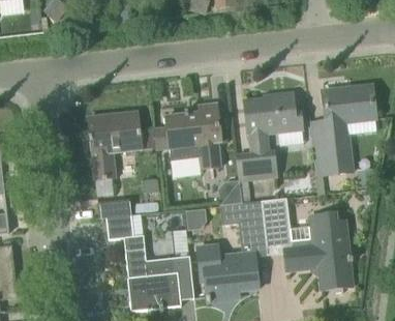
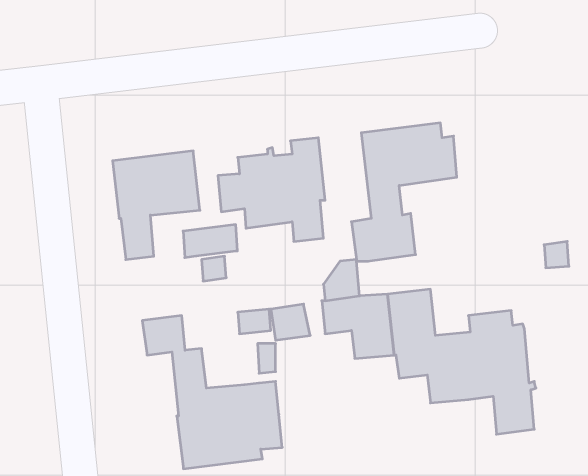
building: [315,85,375,193] -> none
building: [97,198,131,218] -> [183,225,237,258]
building: [195,242,259,302] -> none

